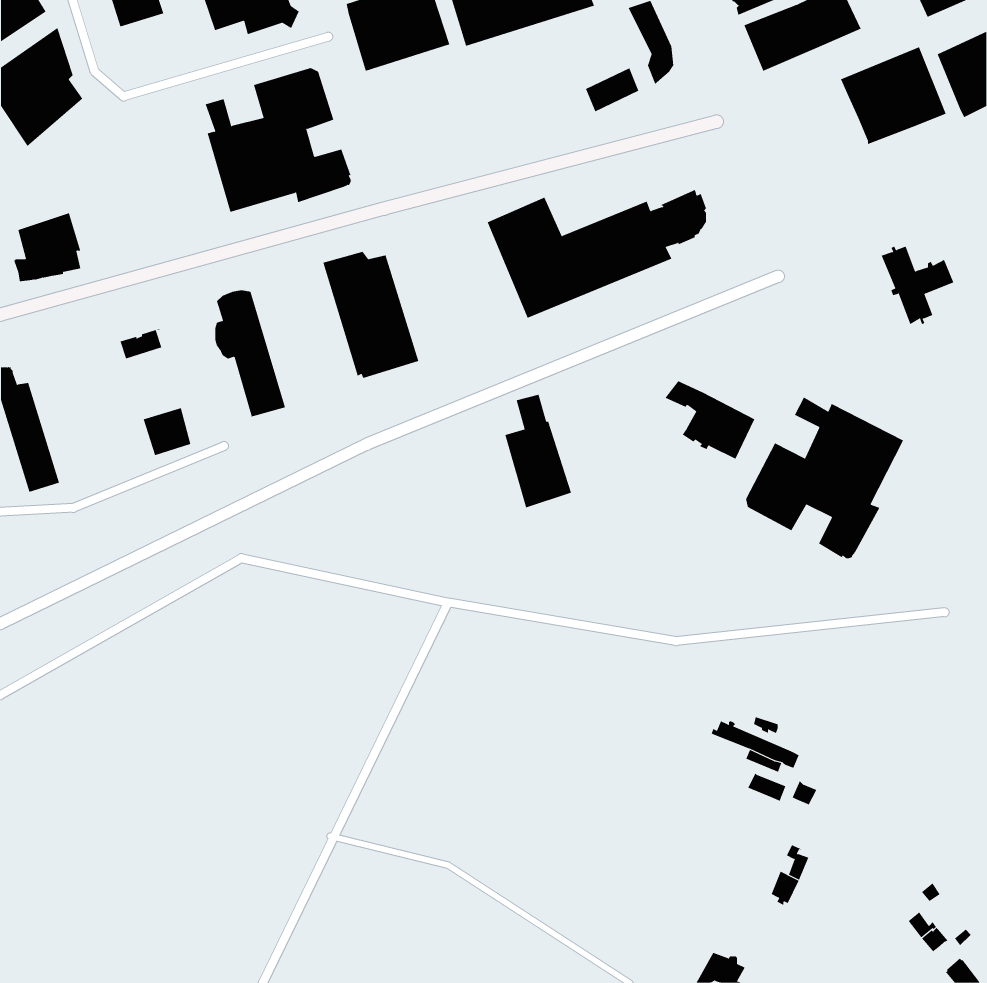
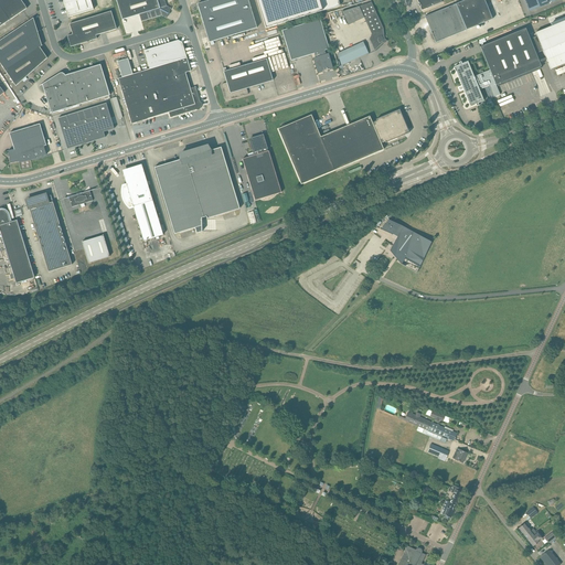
building: none -> [67,9,117,45]
building: none -> [282,18,332,71]
building: none -> [222,56,273,98]
building: none -> [40,63,110,111]
building: none -> [58,102,114,147]
building: [881,246,954,325] -> [454,60,495,105]
building: none -> [154,150,204,232]
building: none -> [25,192,72,270]
building: [504,394,572,508] -> [243,134,281,199]
building: [746,396,904,559] -> none

